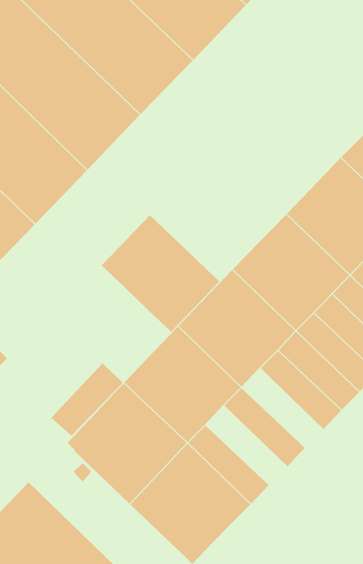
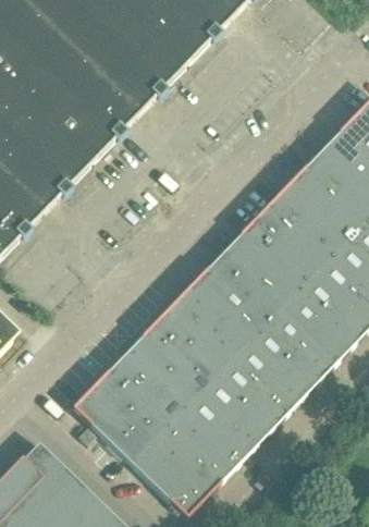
building: [101,215,220,333] -> none
building: [51,363,123,437] -> none
building: none -> [232,340,306,412]
building: none -> [199,373,273,445]

